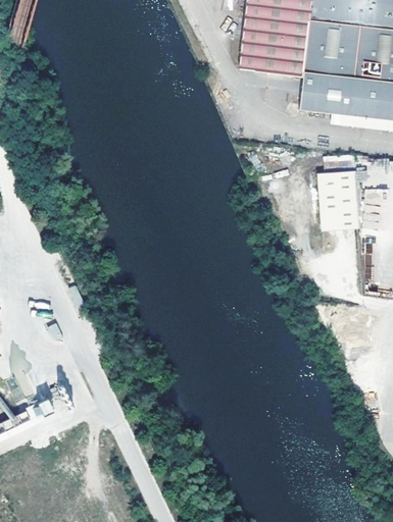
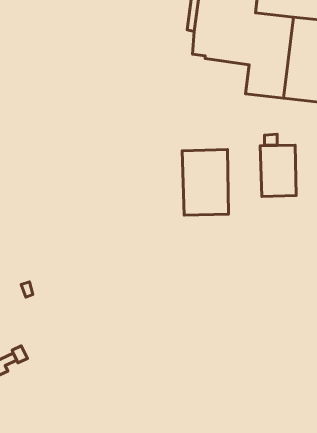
building: none -> [182,150,229,215]

